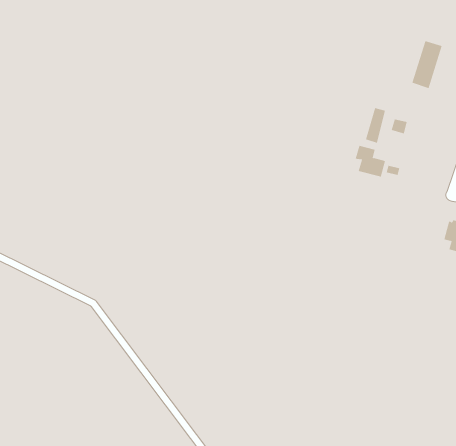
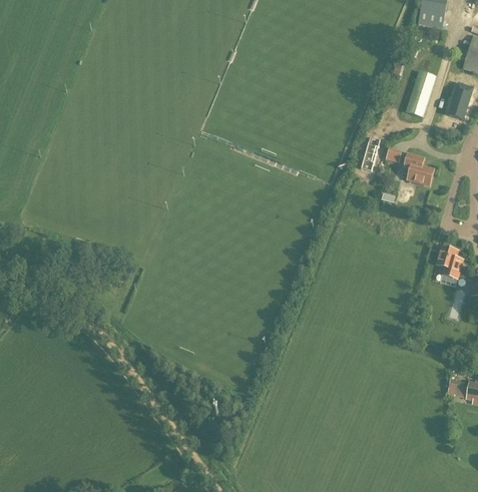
building: [355,145,386,177] -> [404,153,434,184]

